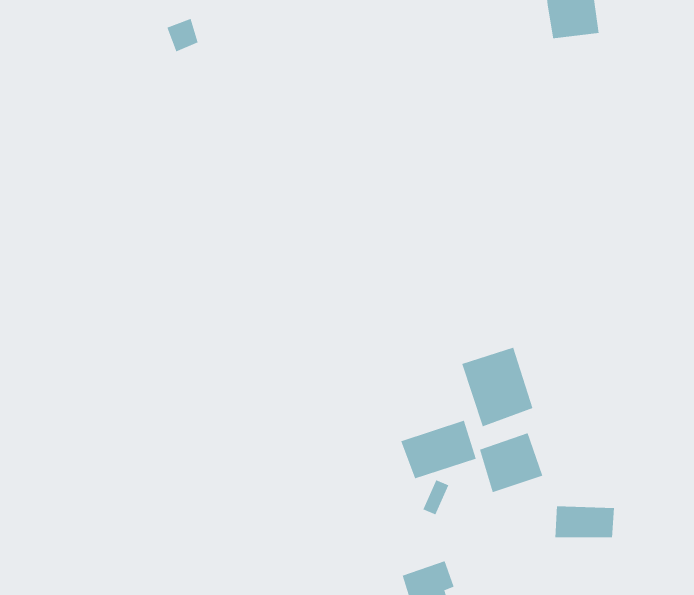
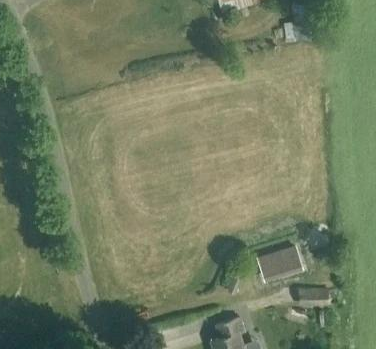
building: [461,347,533,427] -> none
building: [401,420,476,479] -> none

